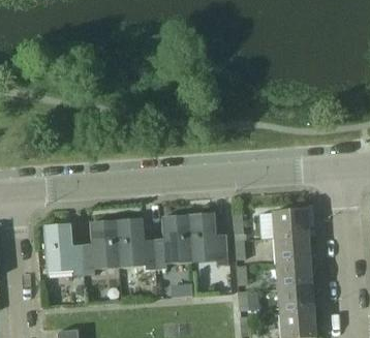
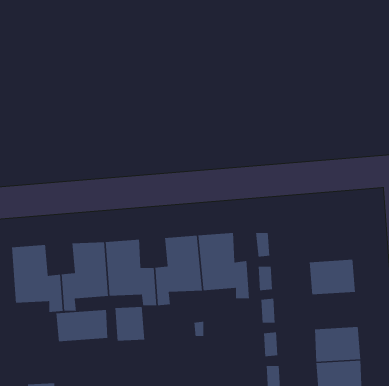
building: [271,208,307,237] -> none
building: [275,260,311,288] -> none
building: none -> [114,306,145,342]
building: none -> [55,309,108,342]

